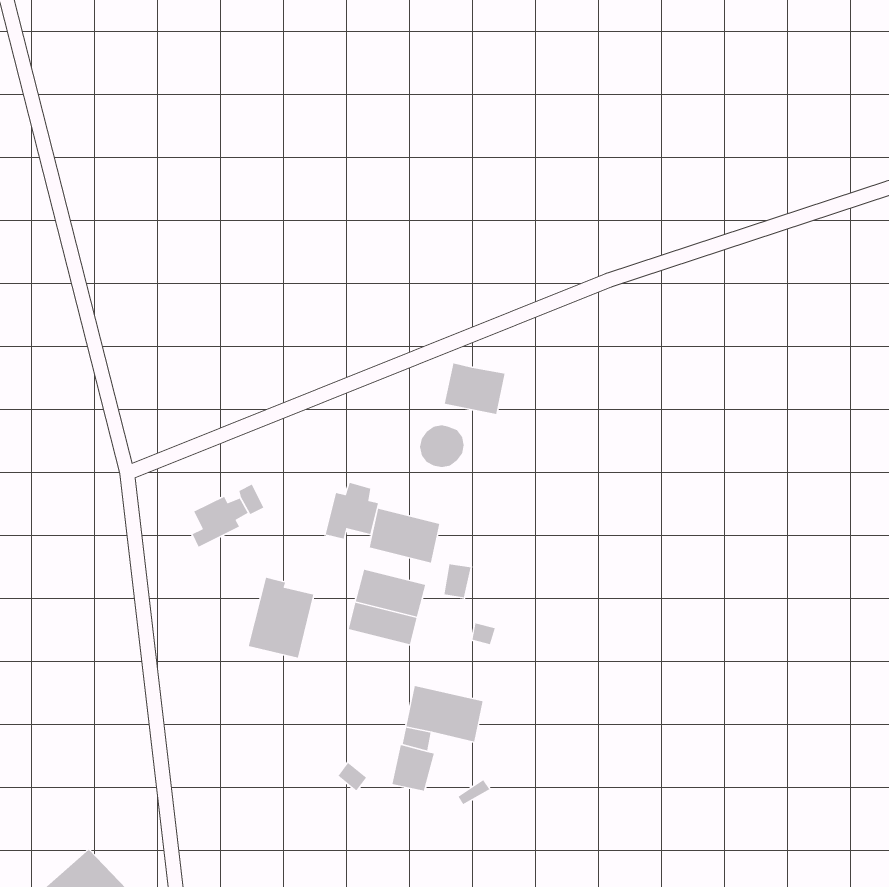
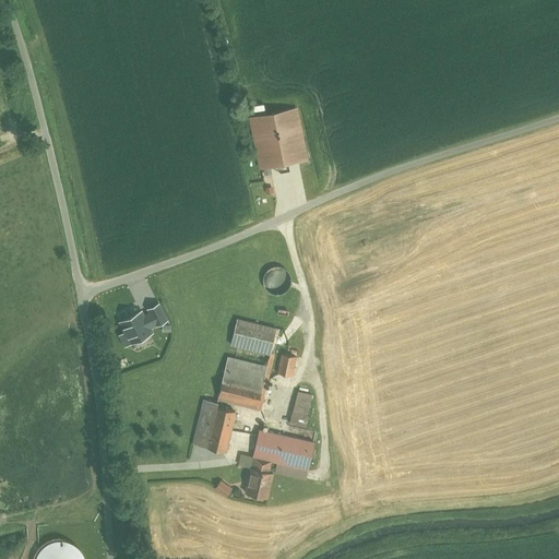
building: none -> [251,108,306,168]
building: [444,363,506,415] -> none
building: [325,482,379,540] -> none
building: [248,577,314,659] -> [193,401,235,452]

